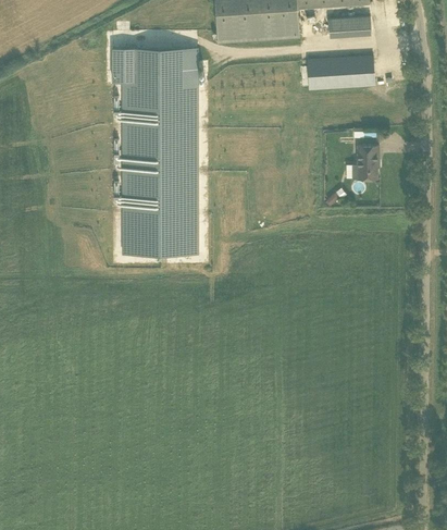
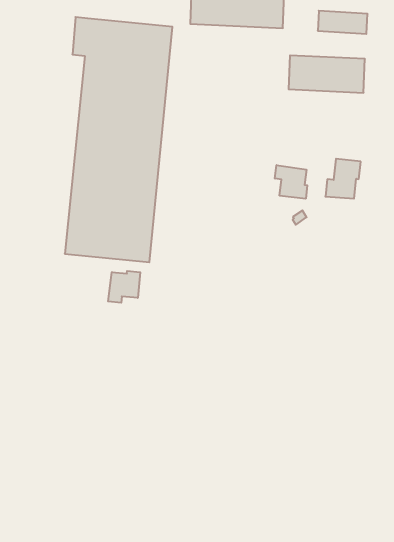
building: none -> [275,165,307,199]
building: none -> [108,271,140,303]

